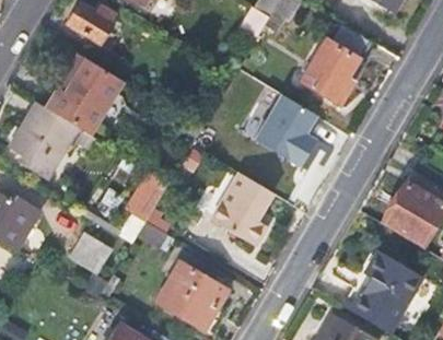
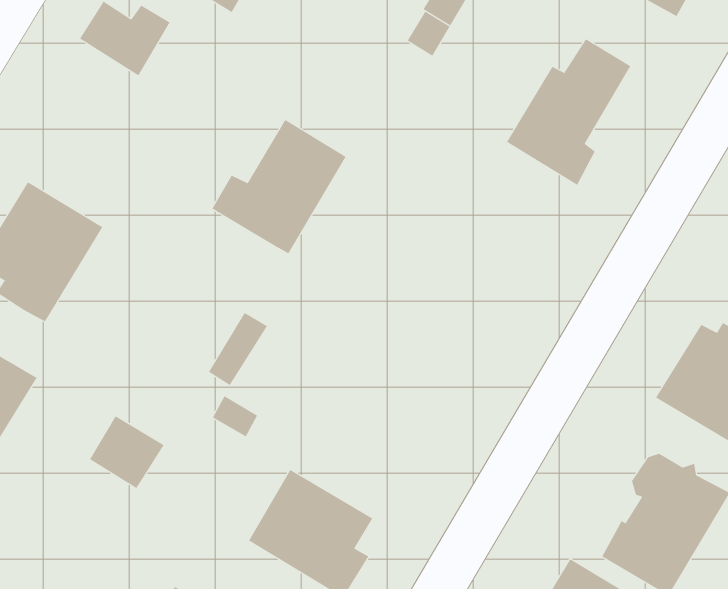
building: [45,60,119,134] -> [211,119,346,254]
building: [255,90,318,165] -> none
building: [209,173,271,248] -> none

